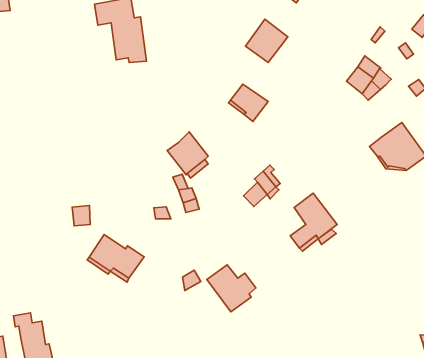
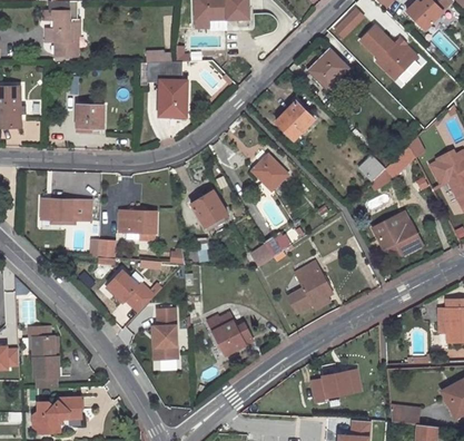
building: none -> [77,104,103,127]
building: none -> [119,209,156,242]
building: none -> [45,198,82,220]
building: none -> [156,307,178,359]
building: none -> [310,370,359,402]

